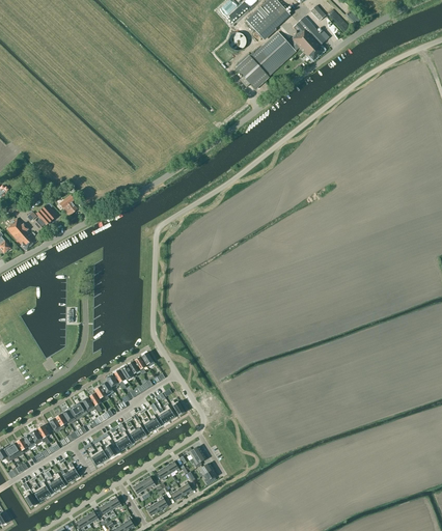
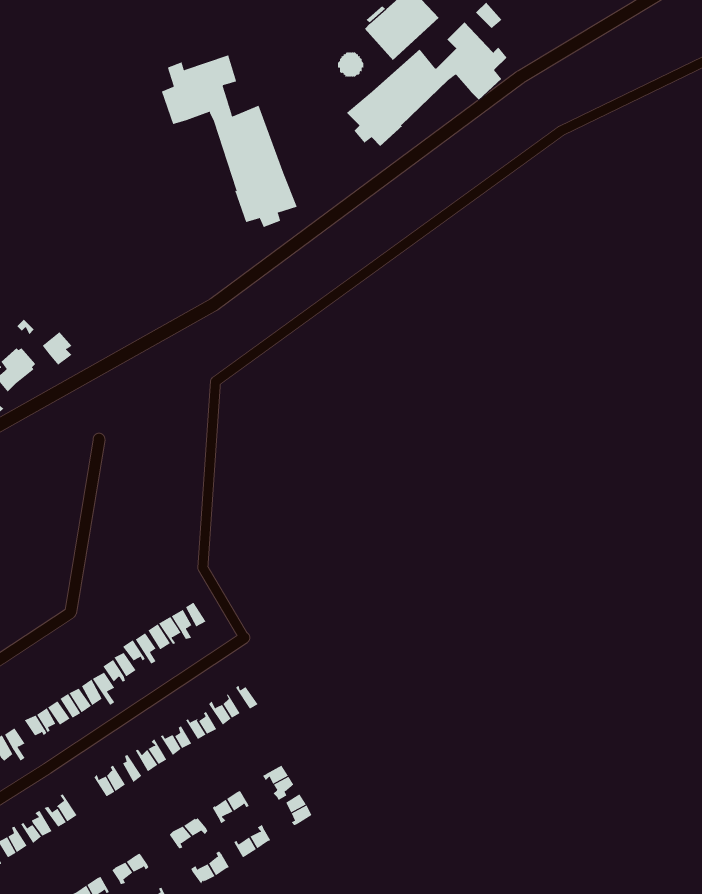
building: none -> [161,55,297,228]

